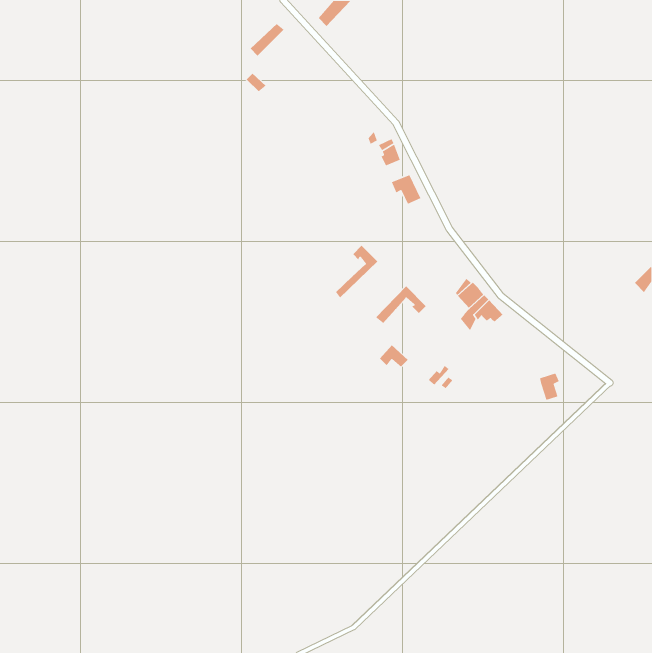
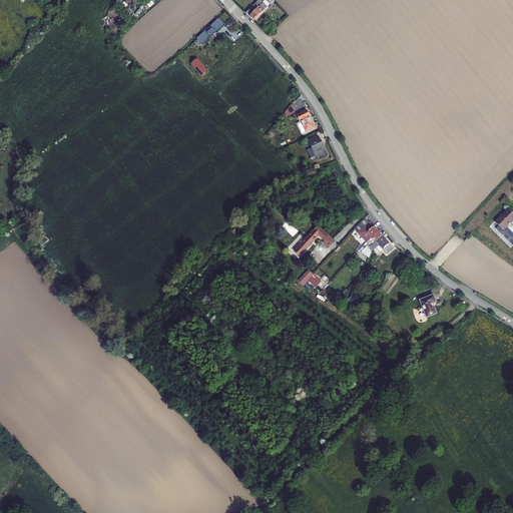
building: [335,245,378,299] -> none

